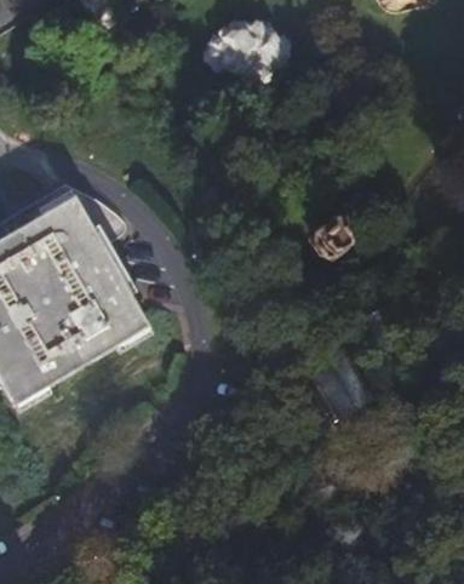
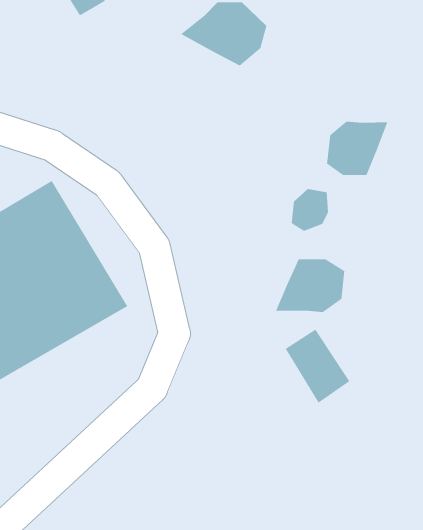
building: none -> [326,121,388,176]
building: none -> [275,258,345,313]

